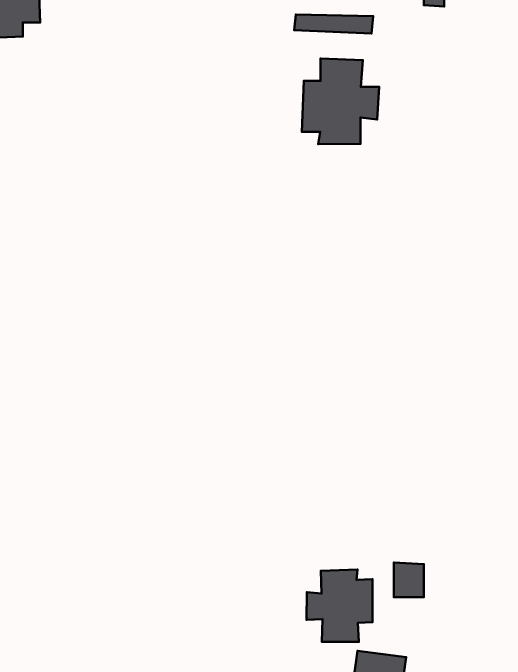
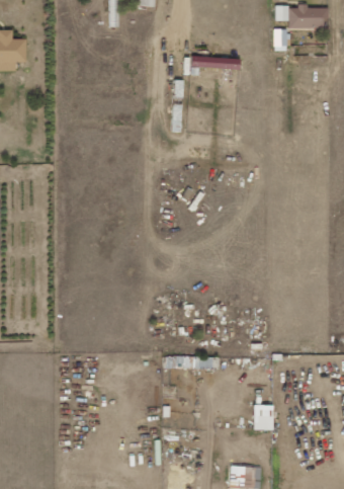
building: [302,58,379,144] -> none
building: [306,569,372,642] -> none

